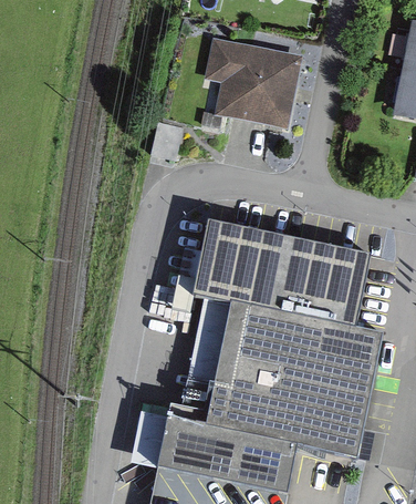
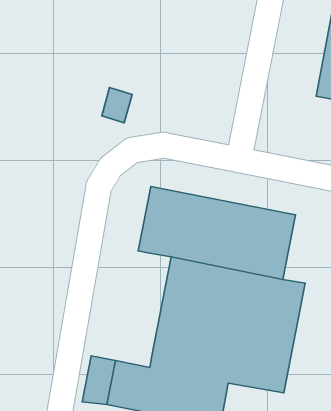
building: [198,35,304,125] -> none
building: [181,296,230,412] -> none

